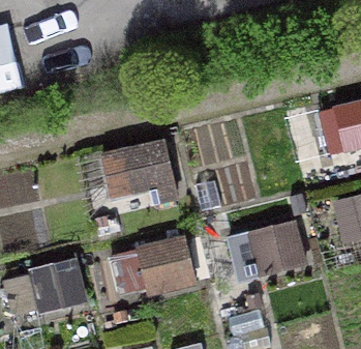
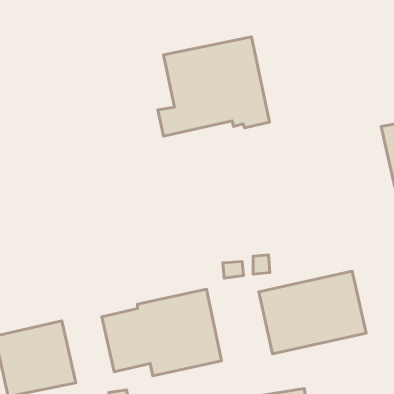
building: [95,140,179,214] -> [158,37,269,136]

